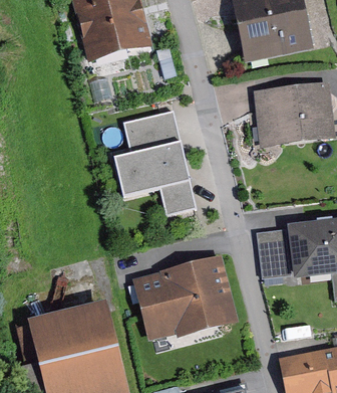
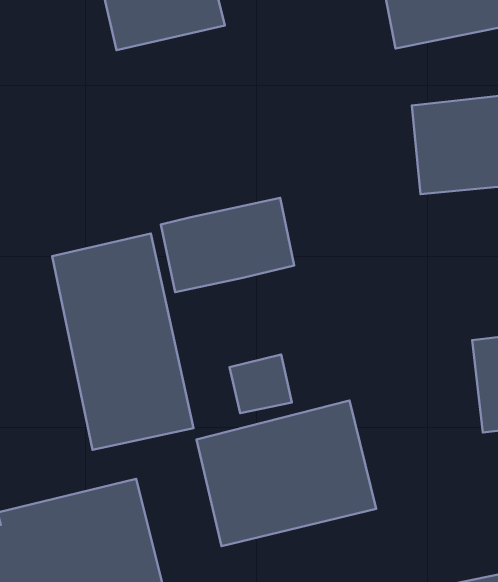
building: [123,110,182,153] -> none
building: none -> [52,233,193,450]
building: [160,180,196,213] -> [230,355,292,413]
building: [257,229,289,277] -> none

